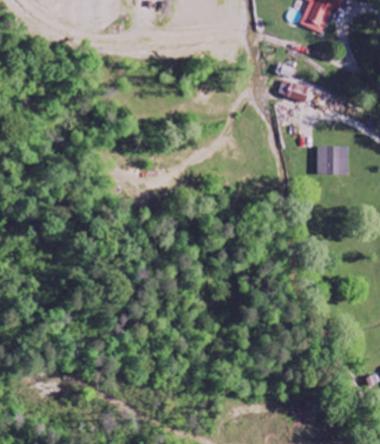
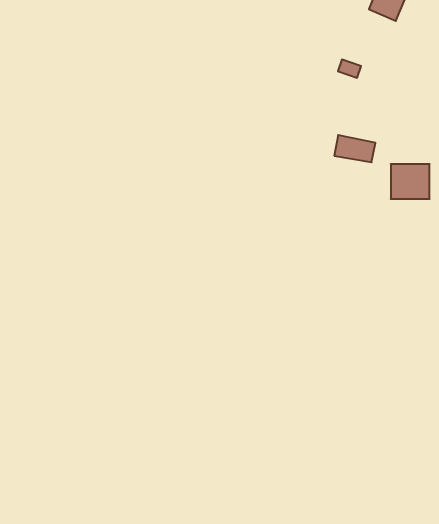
building: [278,79,310,100] -> [334,135,375,162]

